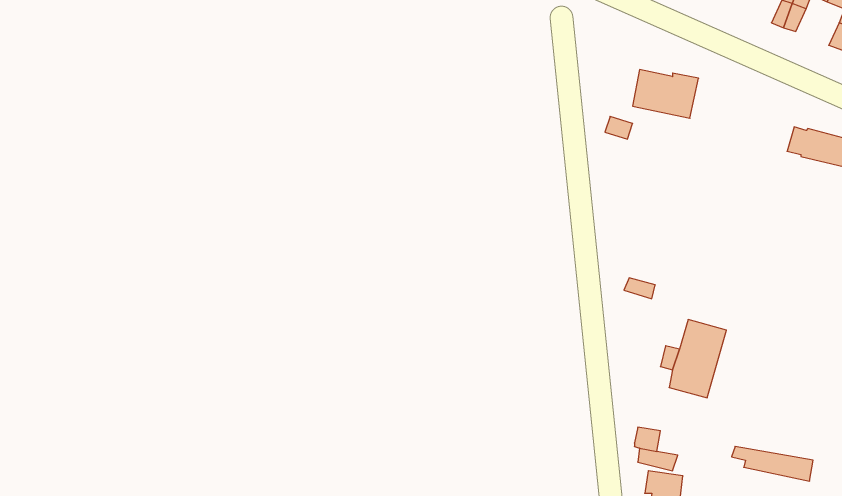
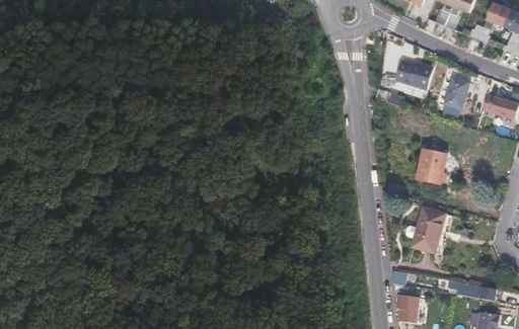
building: none -> [443,77,468,108]
building: none -> [418,151,446,183]

